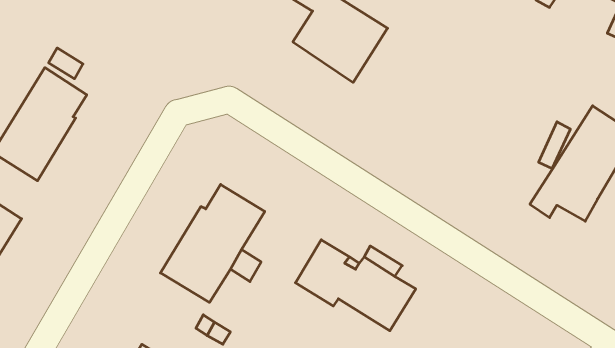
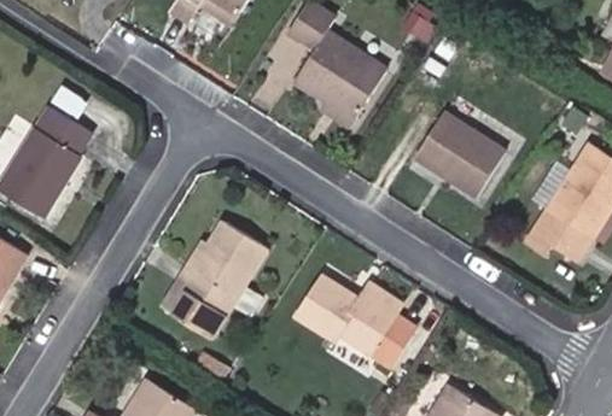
building: none -> [414,111,505,197]

